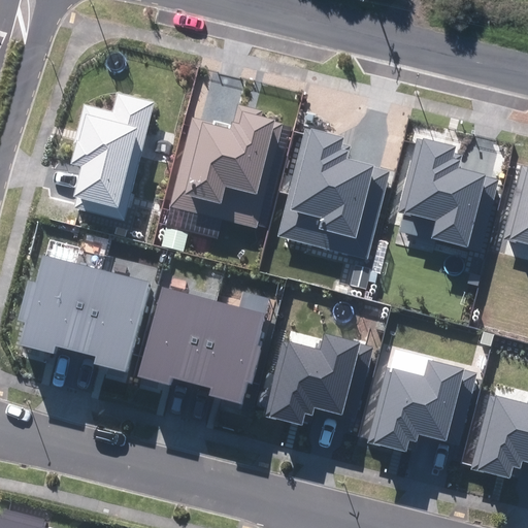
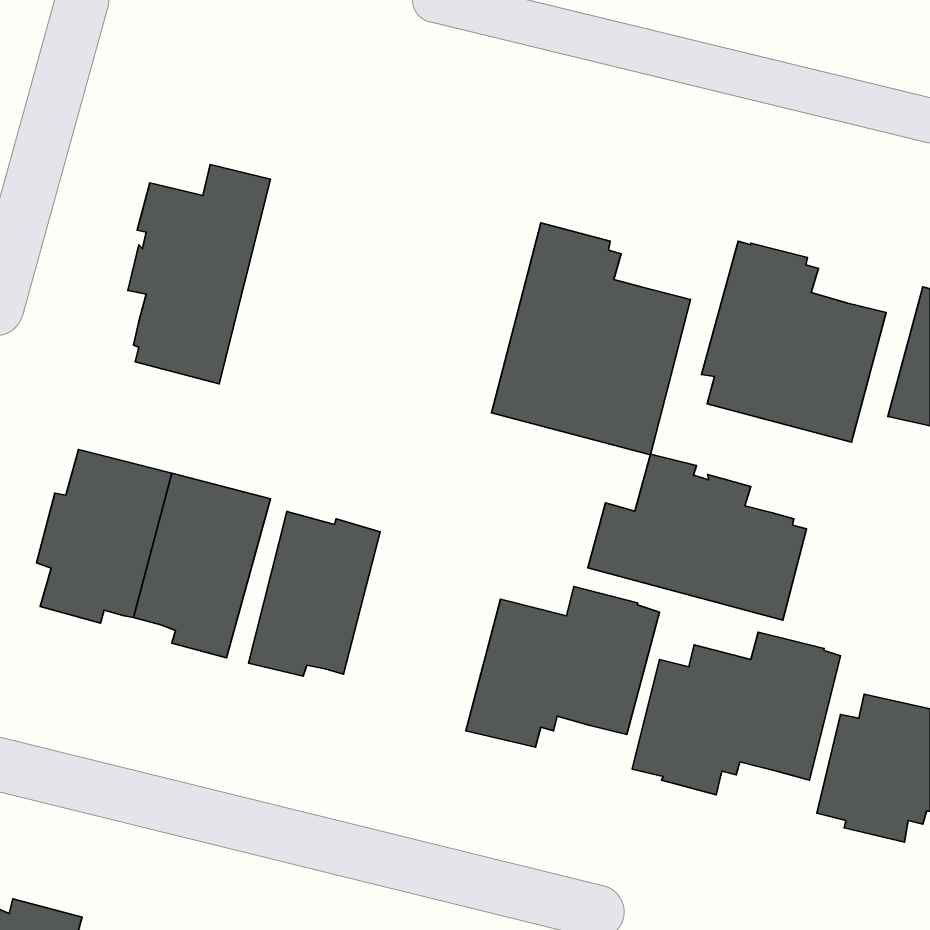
building: [172,103,283,227] -> none
building: none -> [588,454,806,620]
building: [194,302,266,403] -> none

